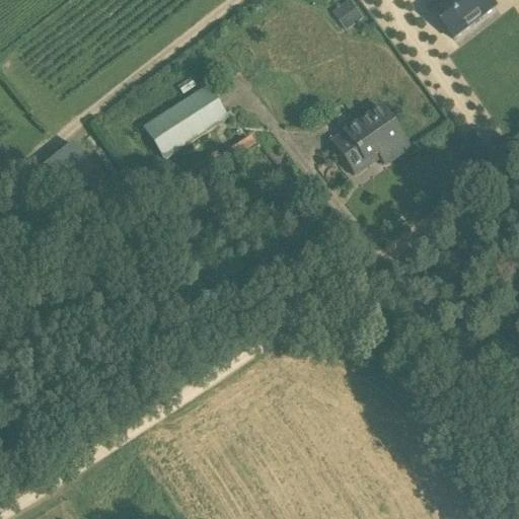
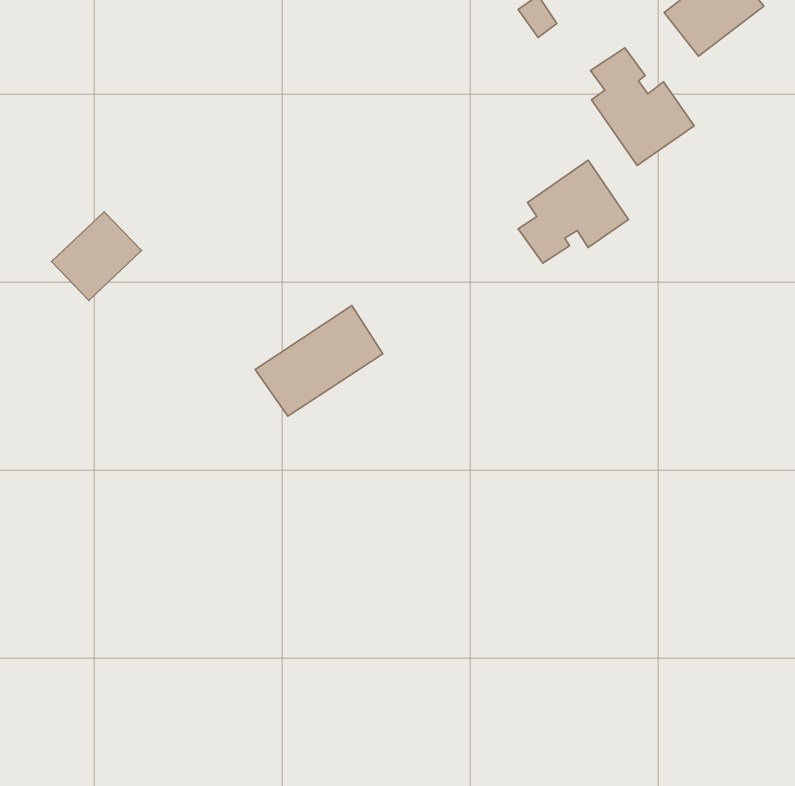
building: none -> [591,48,694,166]
building: [143,83,226,155] -> [255,306,383,416]

